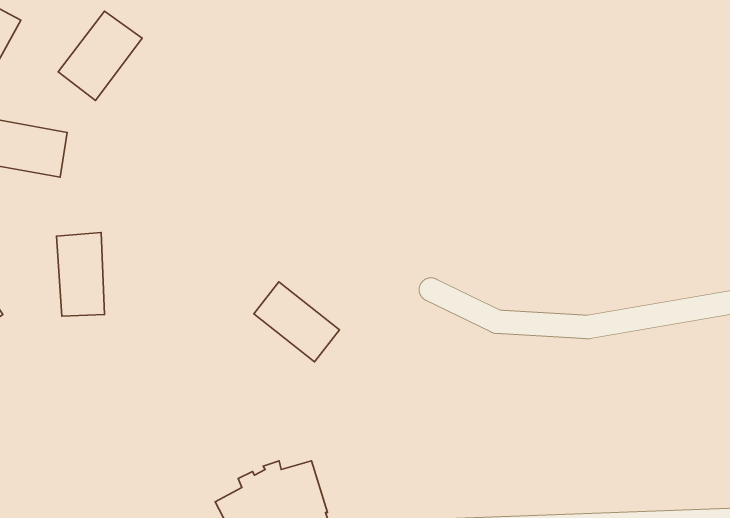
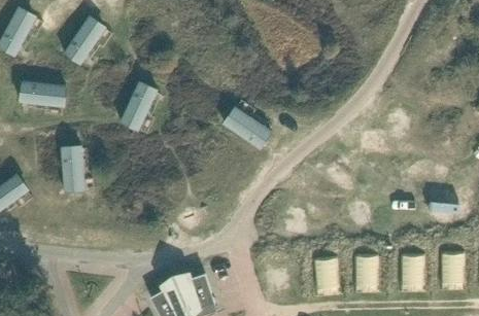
building: none -> [114,78,158,134]
building: [254,282,339,362] -> [220,105,270,151]

